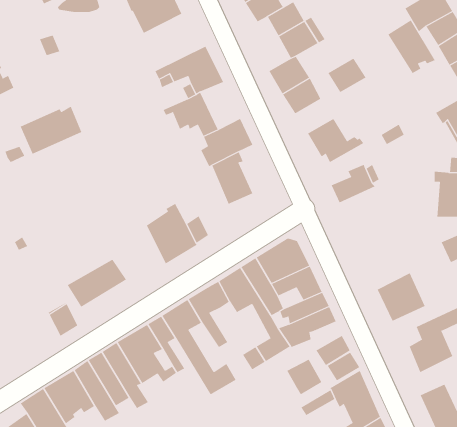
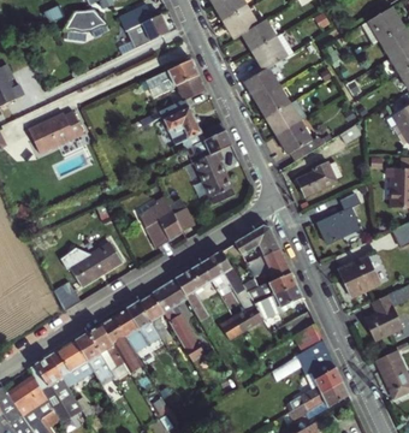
building: [388,19,435,74] -> none
building: [327,58,366,93] -> [267,105,301,135]
building: none -> [319,194,362,243]
building: [286,359,322,395] -> none

